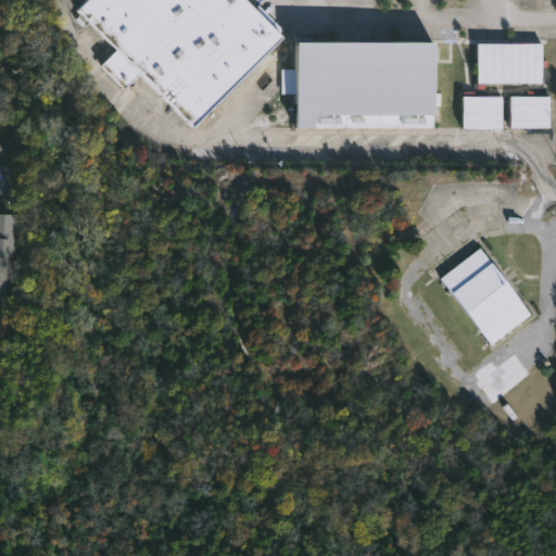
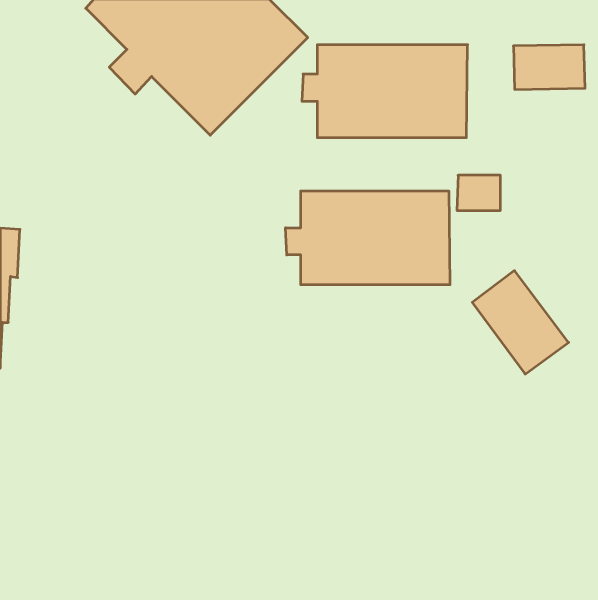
building: [463,96,503,128] -> [457,175,500,210]
building: [510,96,551,127] -> none
building: none -> [286,191,450,285]

